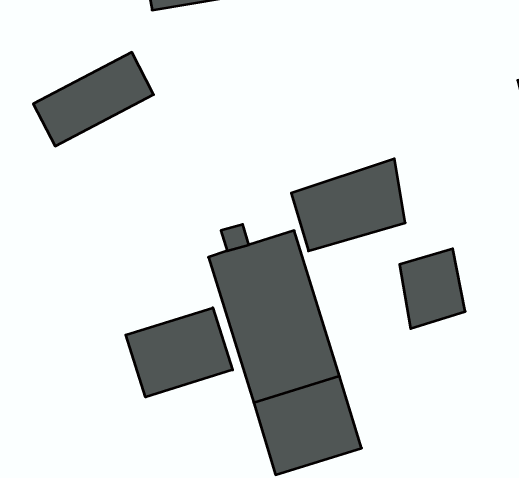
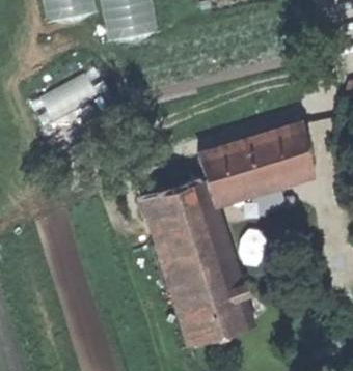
building: [400,249,465,329] -> [268,125,311,178]
building: [126,308,233,397] -> none

